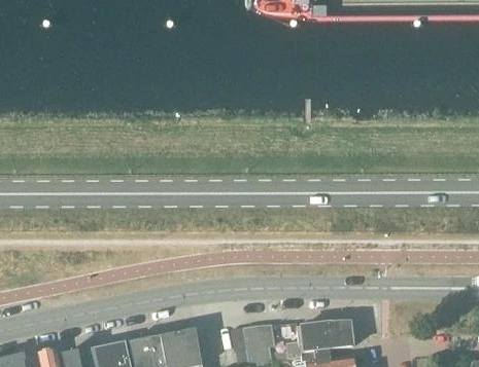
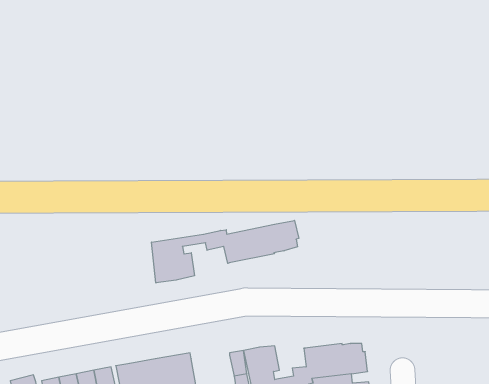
building: none -> [152,220,299,283]

